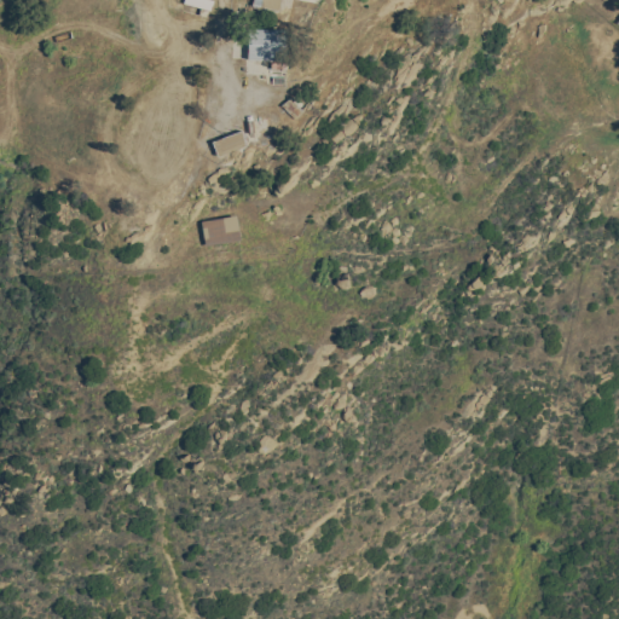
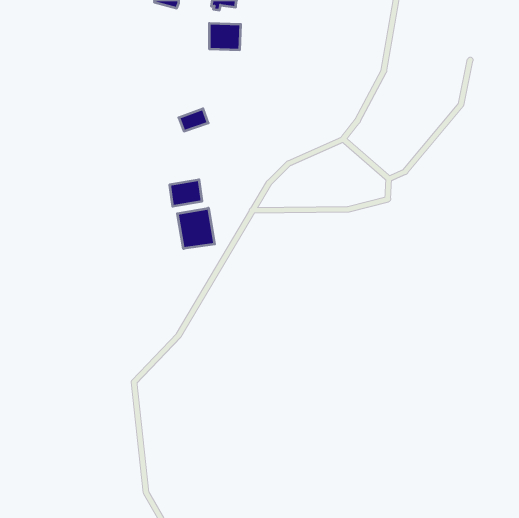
building: none -> [177,208,215,249]

